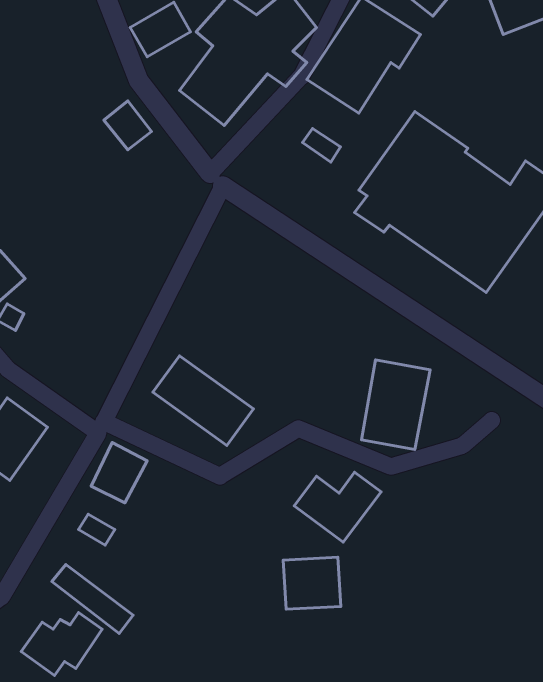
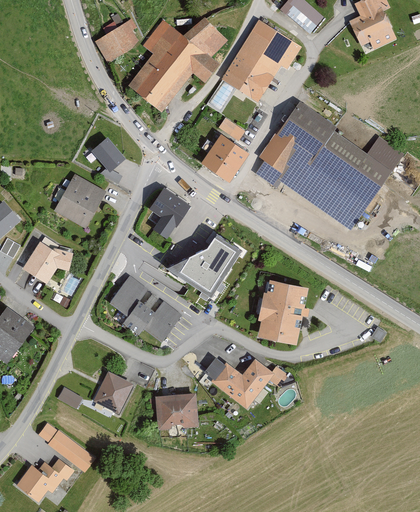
building: [104,101,152,150] -> [90,137,124,172]
building: none -> [202,138,244,180]
building: none -> [55,175,105,227]
building: none -> [149,187,190,238]
building: none -> [165,235,239,297]
building: none -> [23,242,71,282]
building: [91,443,147,503] -> [94,370,134,413]
building: [283,557,341,609] -> [156,393,197,430]

